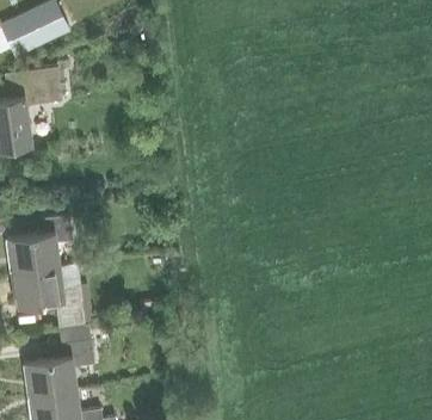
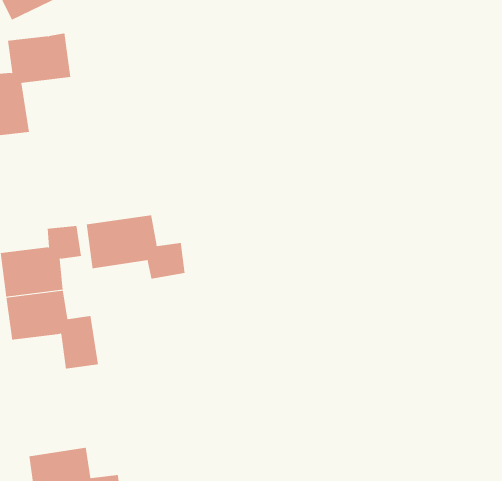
building: none -> [86,214,185,279]
building: [24,325,93,397] -> none

